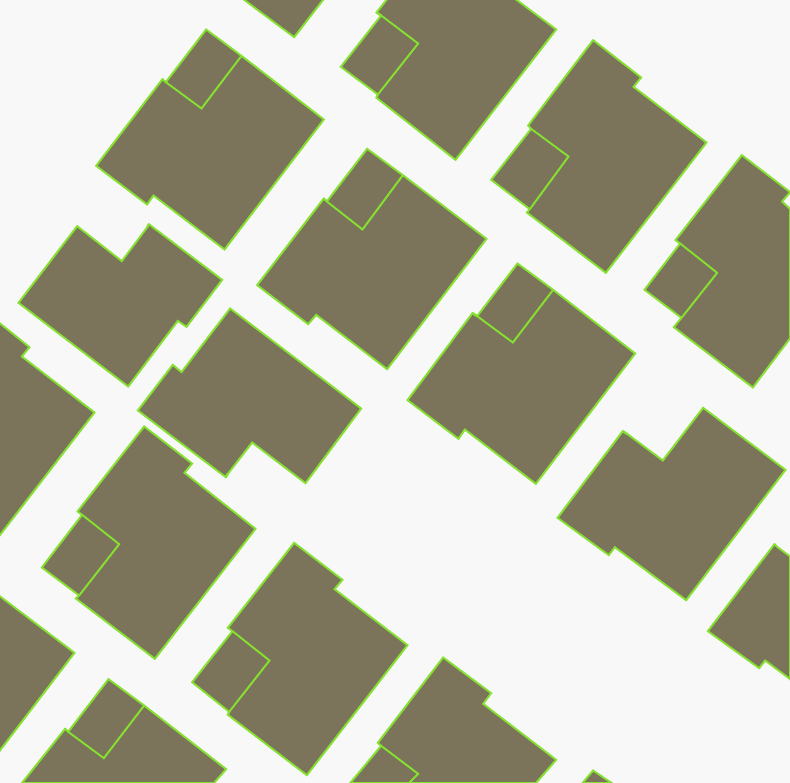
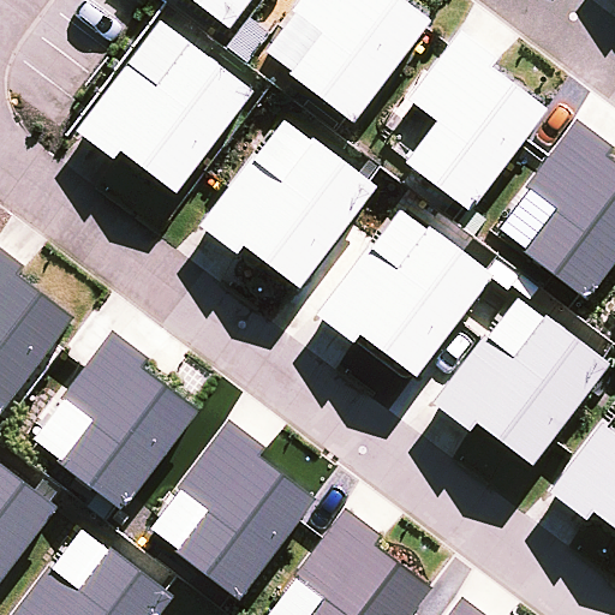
building: [18,224,222,386] -> none
building: [138,309,361,483] -> none

